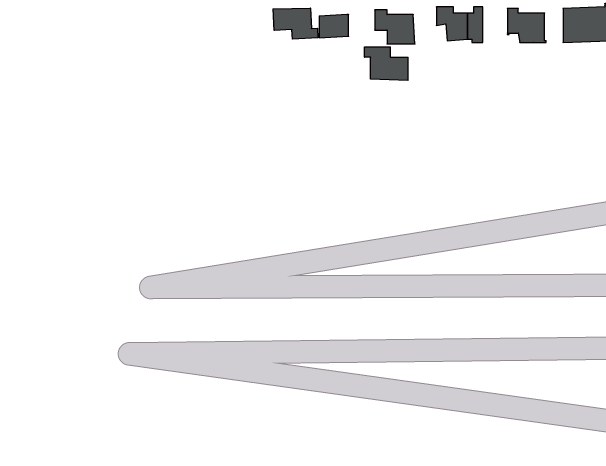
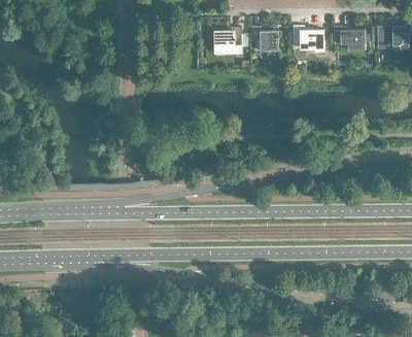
building: [273,8,318,39] -> none
building: [365,47,408,80] -> none

